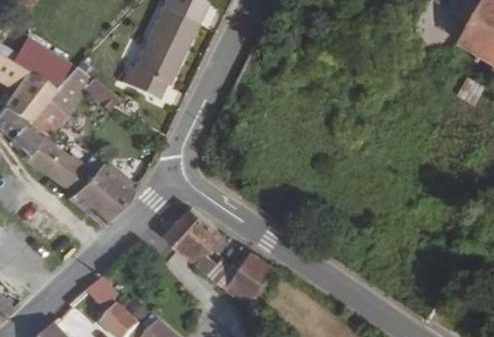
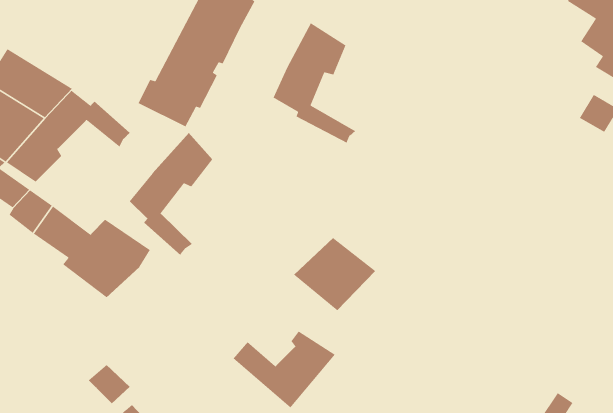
building: none -> [272,22,356,144]
building: none -> [129,132,213,256]
building: [159,210,221,265] -> [293,237,376,311]

